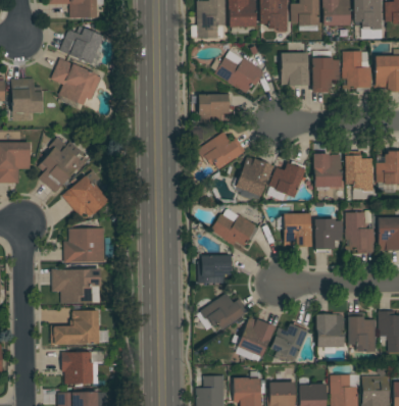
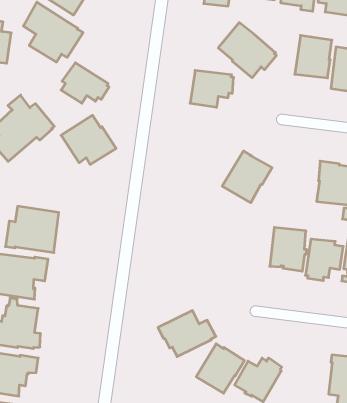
building: none -> [61,63,109,103]
building: [190,132,246,170] -> none
building: [269,161,305,198] -> none
building: [62,175,109,216] -> [61,115,116,164]
building: [211,209,259,247] -> none
building: [195,255,235,284] -> none
building: [316,314,344,348] -> none

